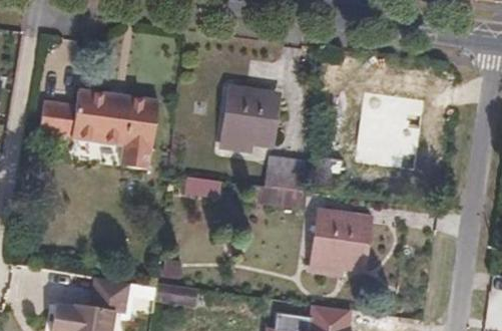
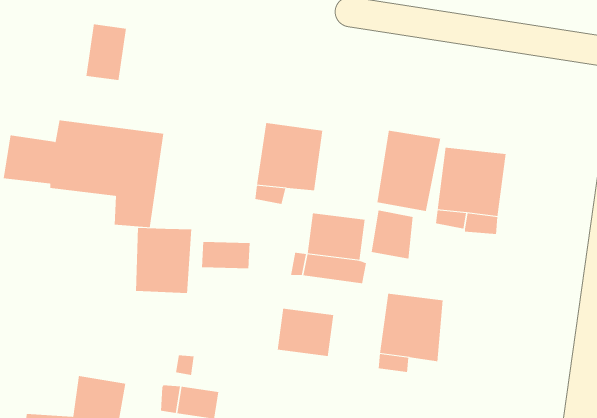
building: none -> [86,24,127,81]
building: none -> [377,130,441,212]
building: none -> [136,227,192,294]
building: none -> [277,308,334,357]

